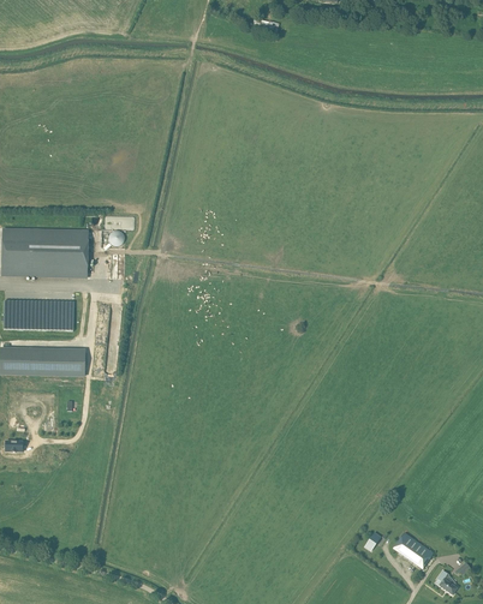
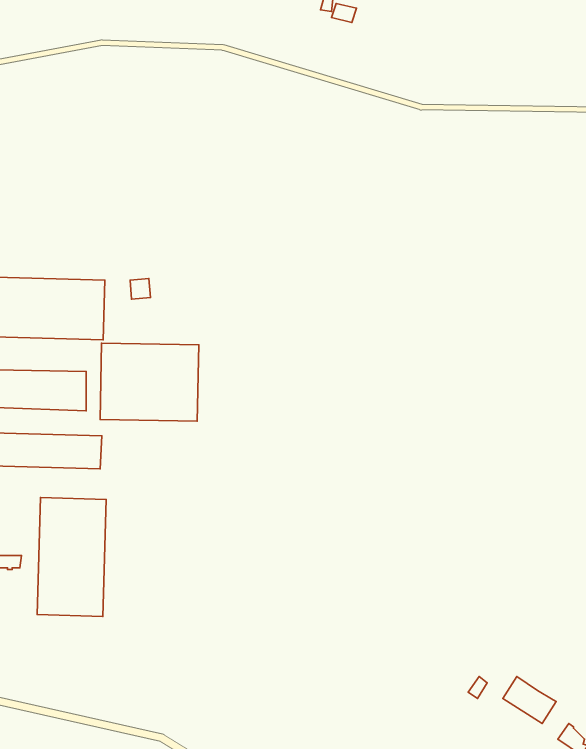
building: none -> [100,343,199,421]
building: none -> [37,498,106,616]

